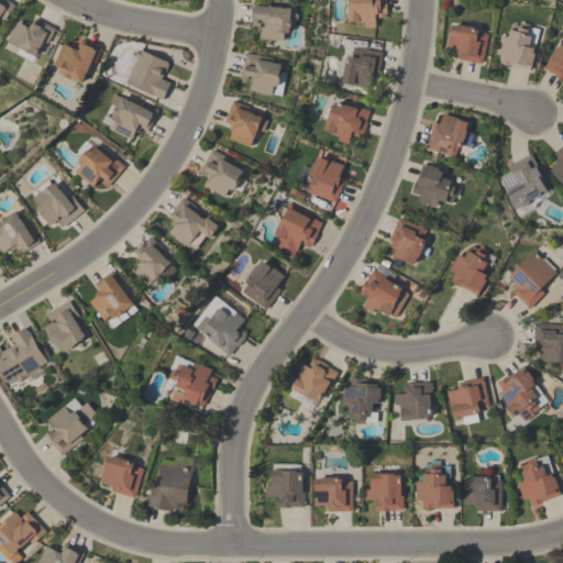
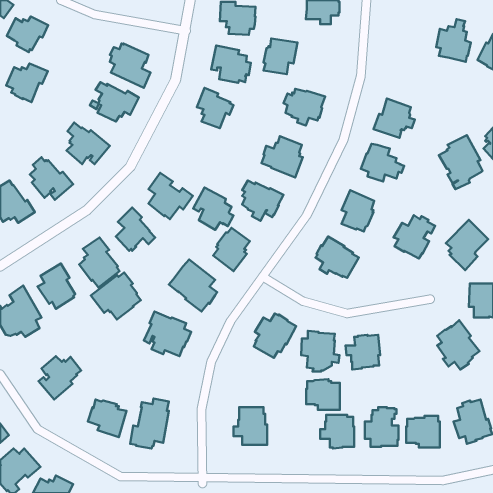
building: [446,24,488,64] -> none
building: [55,40,102,84] -> [6,63,48,102]
building: [344,47,383,88] -> [264,39,297,74]
building: [199,148,245,197] -> [193,187,234,230]
building: none -> [91,272,141,320]
building: [446,377,489,424] -> none
building: [314,476,353,511] -> [306,379,340,410]

